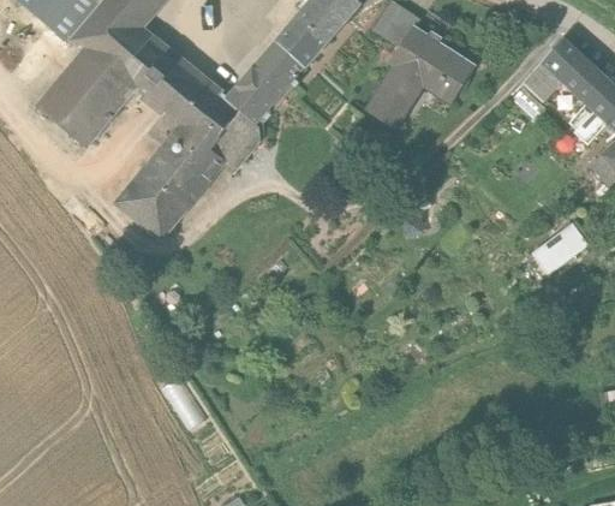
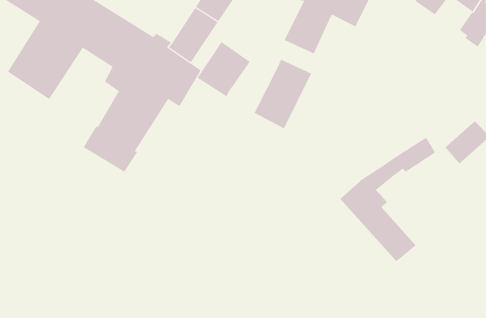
building: none -> [197,41,251,97]
building: none -> [254,59,312,129]
building: none -> [339,137,436,262]

